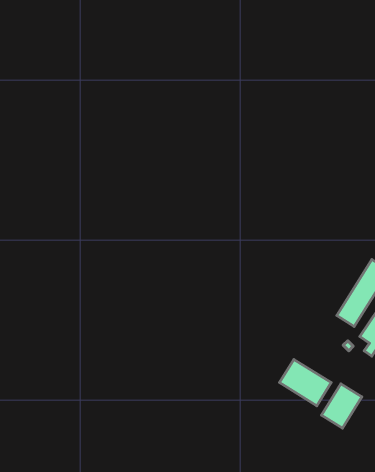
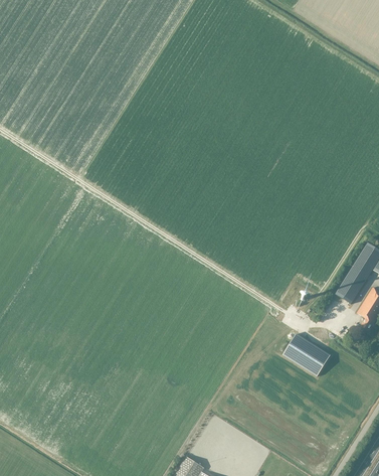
building: [322,384,362,428] -> none

